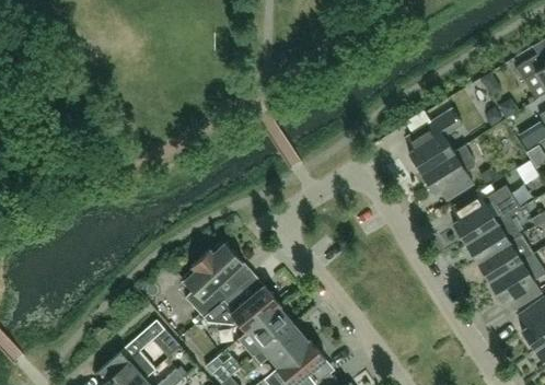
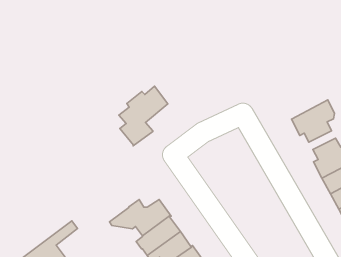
building: [407,110,461,173] -> none
building: [183,242,243,318] -> [119,86,168,146]

